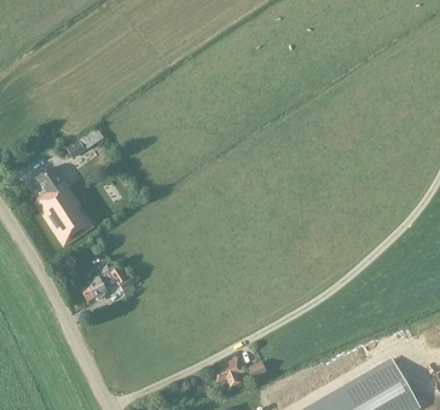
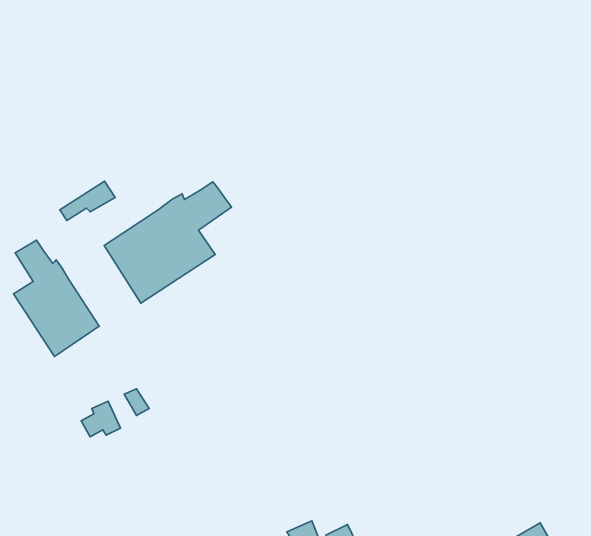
building: none -> [104,182,231,303]

